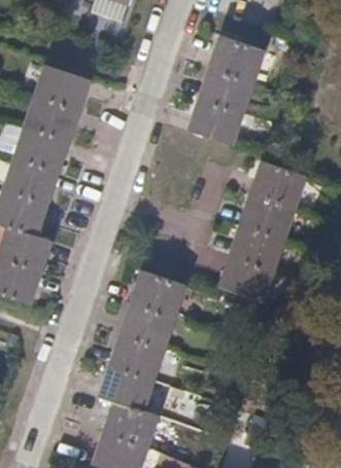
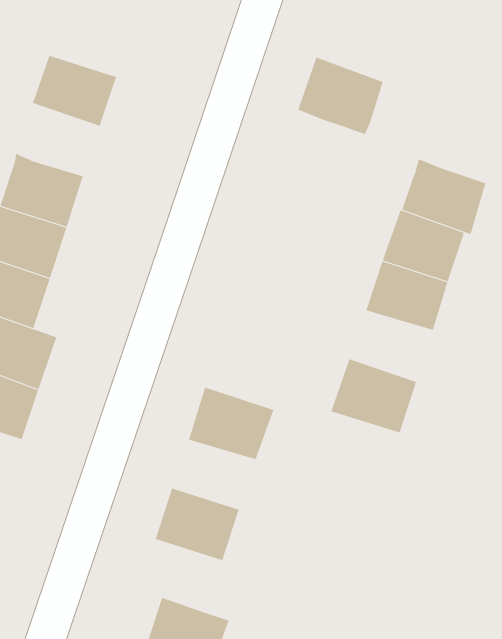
building: [211,35,264,81] -> none
building: [25,95,77,140] -> none
building: [190,99,242,146] -> [402,158,486,235]
building: [232,223,284,267] -> none
building: [122,303,174,347] -> none
building: [101,365,154,410] -> none

